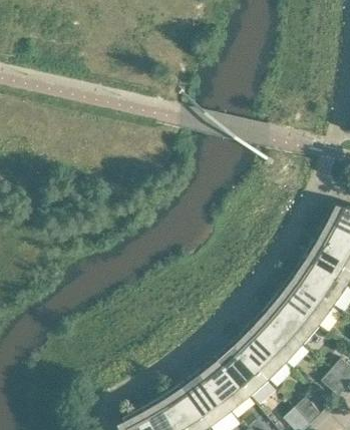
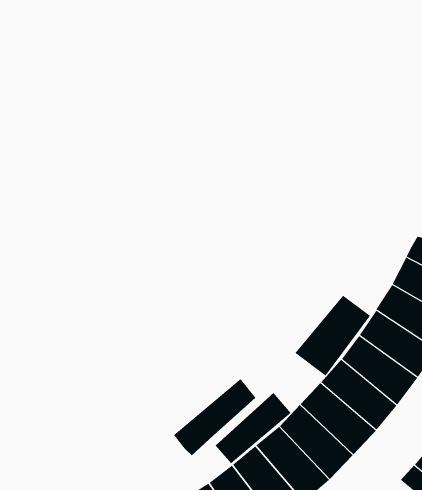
building: none -> [294,295,371,376]
building: none -> [173,378,256,456]
building: none -> [215,392,291,464]

